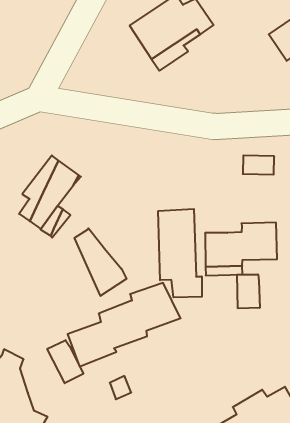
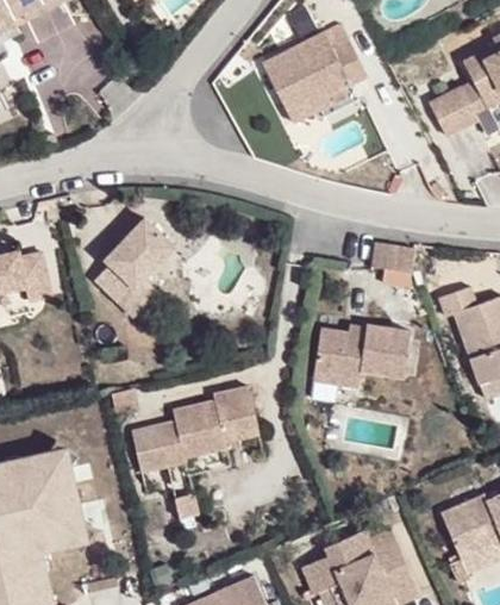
building: [158,209,202,297] -> none
building: [75,228,127,296] -> none
building: [237,274,260,308] -> none
building: [47,340,83,383] -> none

